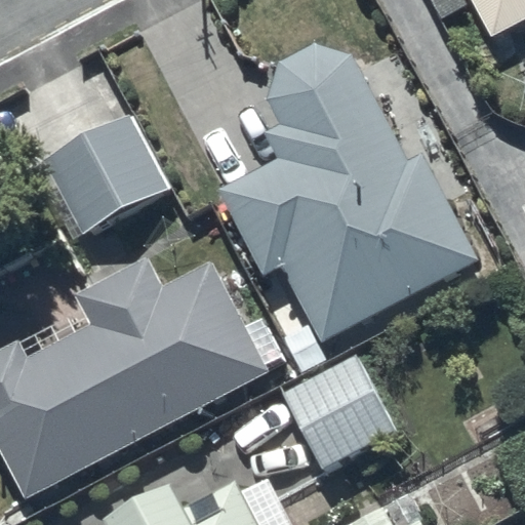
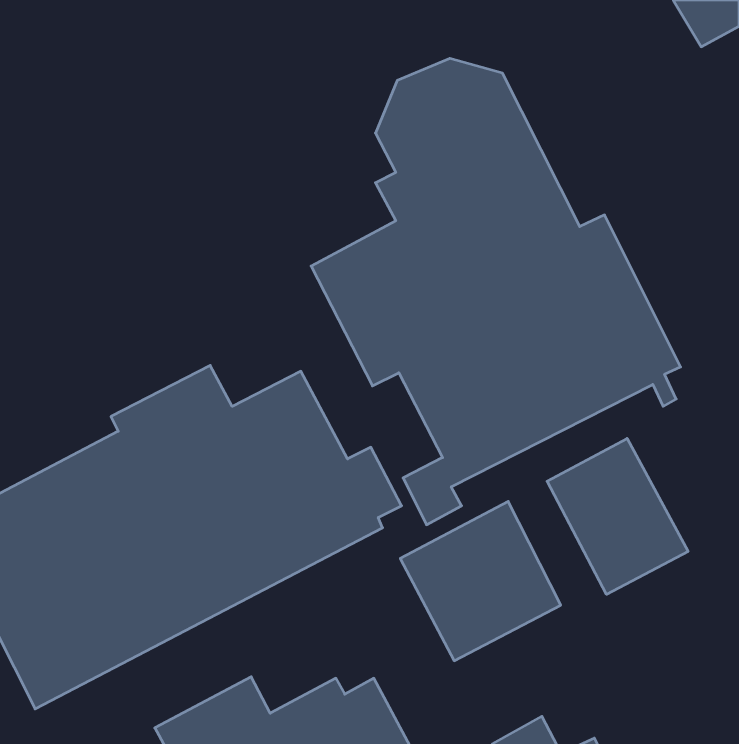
building: [42,114,168,233] -> none
building: none -> [547,438,688,594]

